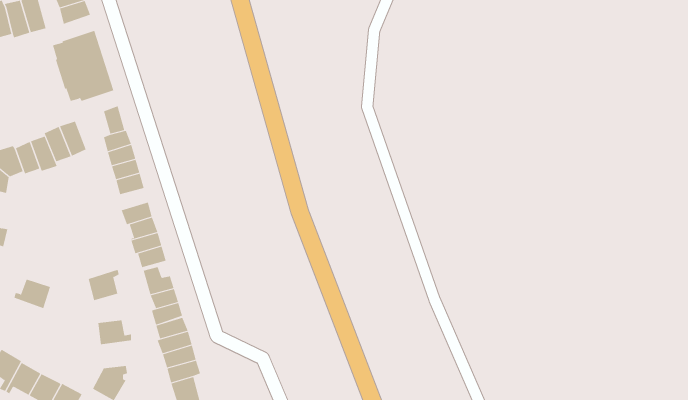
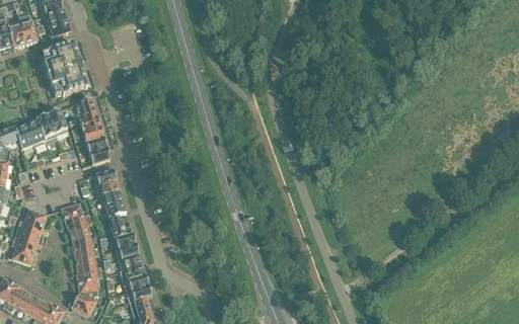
building: none -> [61,204,90,226]
building: none -> [18,209,47,232]
building: none -> [72,237,98,258]
building: none -> [11,240,35,264]
building: none -> [76,271,101,292]

